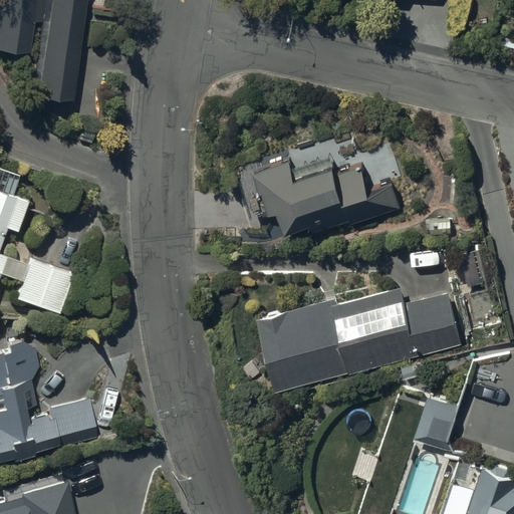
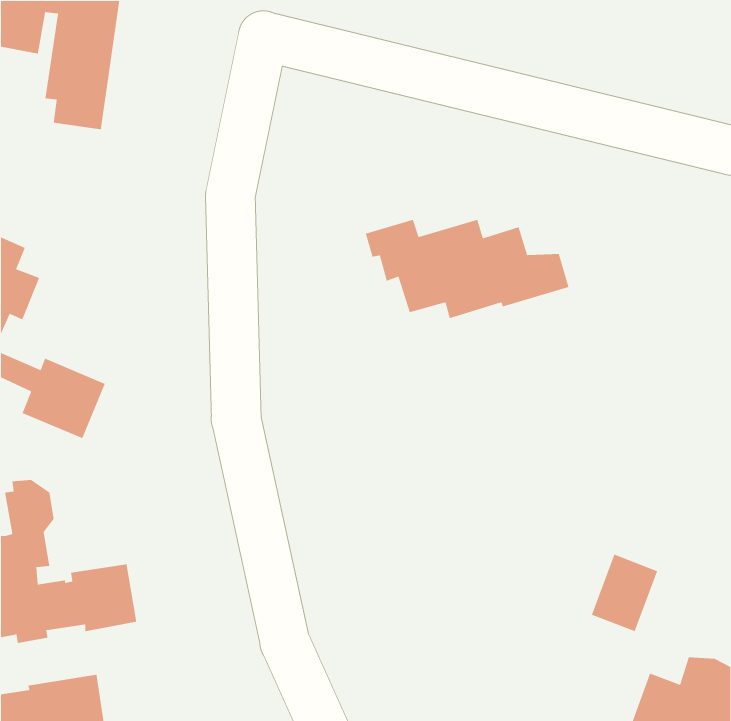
building: [260,287,461,389] -> none

